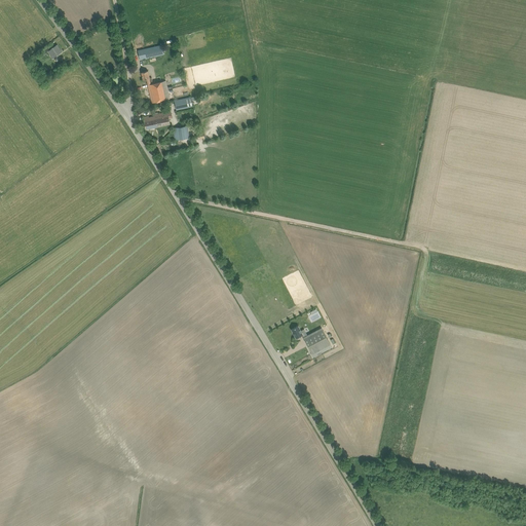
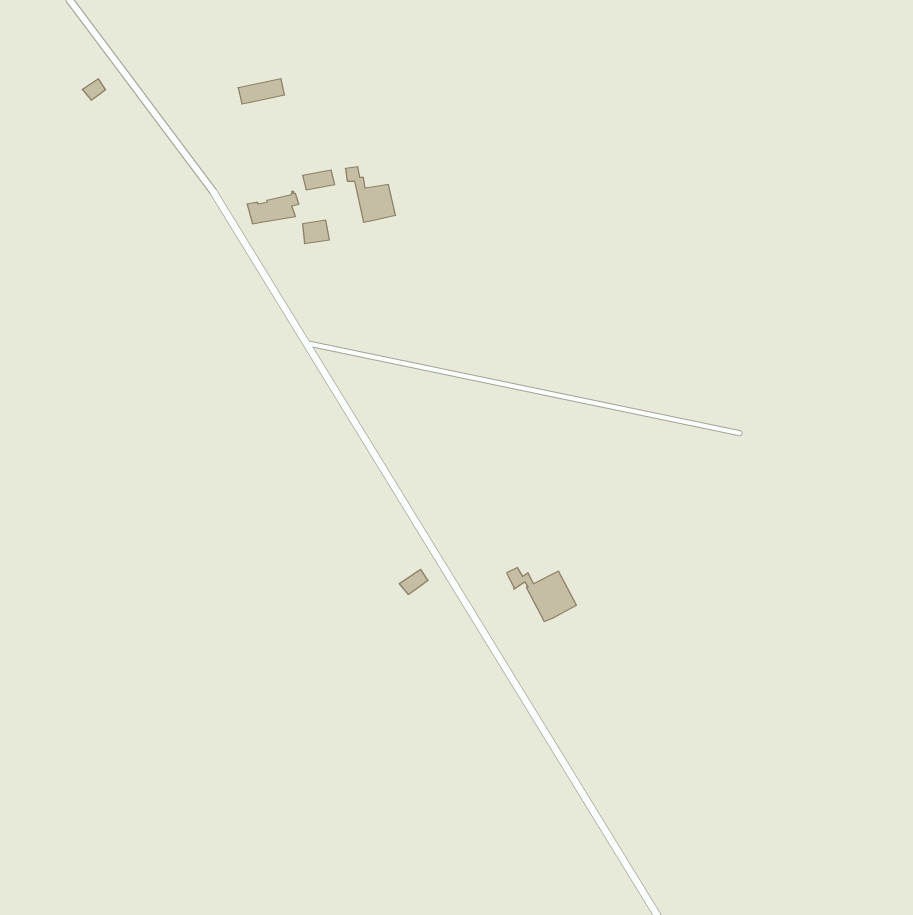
building: [141,71,170,103] -> [345,167,396,222]

